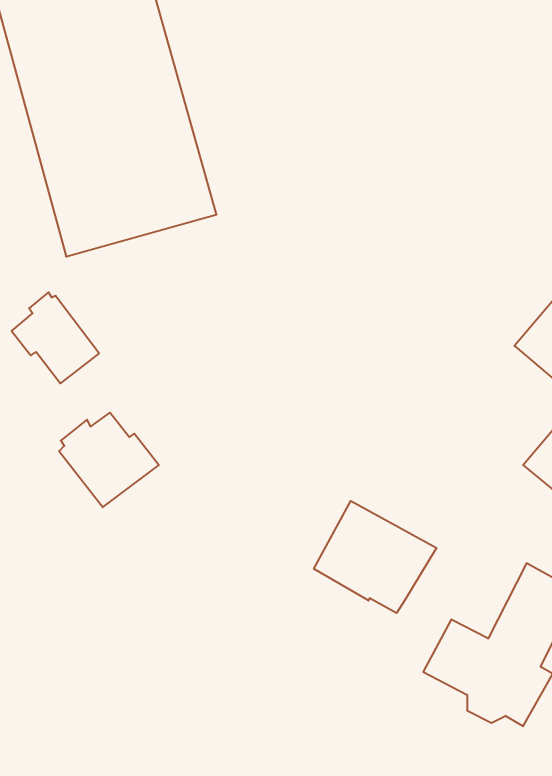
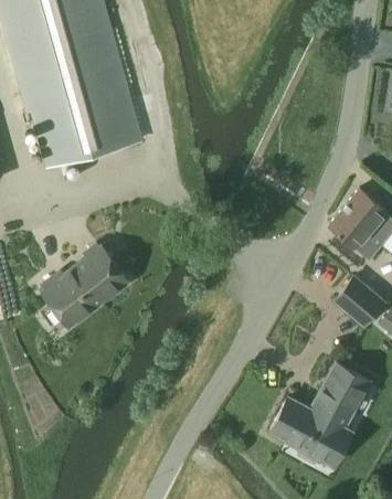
building: [12,292,99,383] -> [73,244,128,301]
building: [314,501,437,613] -> none

